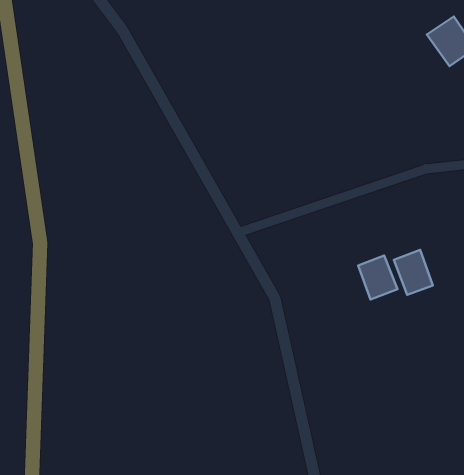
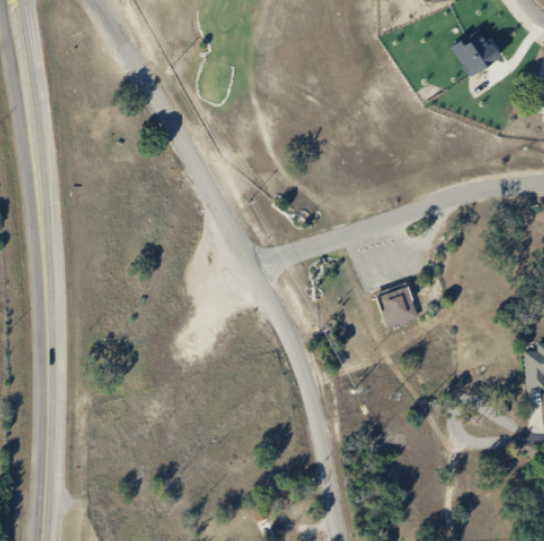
building: [394,250,433,295] -> none

